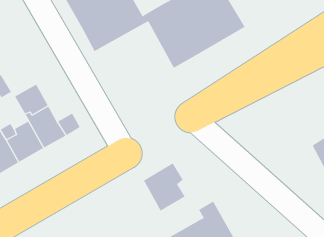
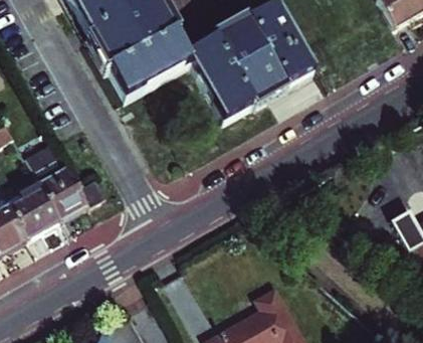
building: [143,162,186,211] -> none

